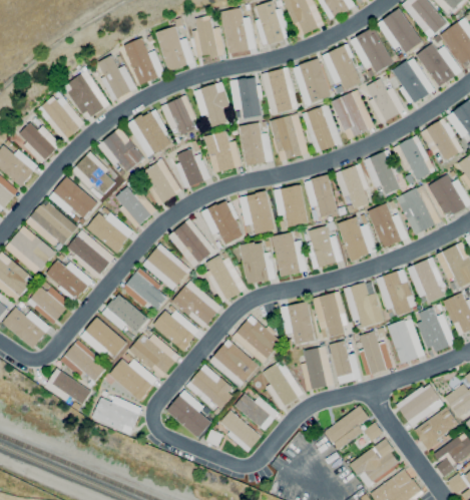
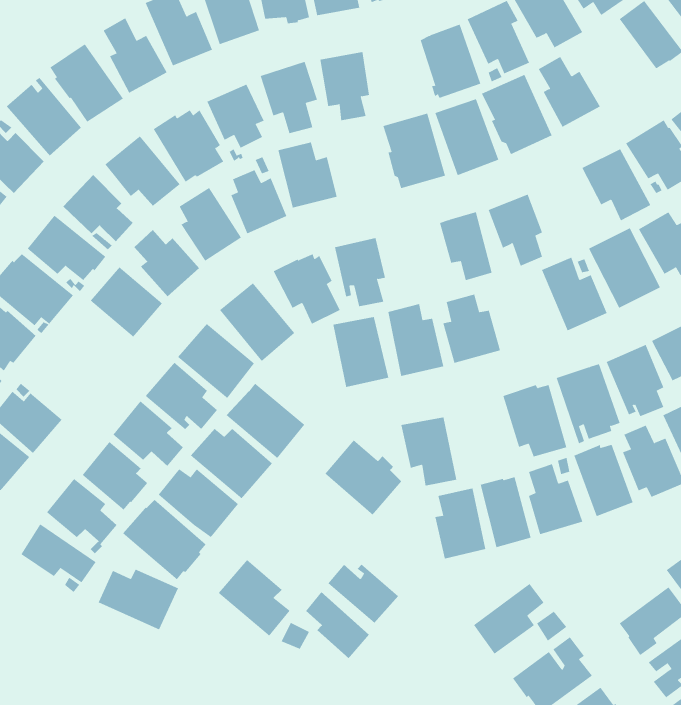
building: [392,58,435,103] -> none
building: [261,67,298,115] -> none
building: [240,122,273,165] -> none
building: [364,149,400,194] -> none
building: [274,185,306,226] -> none
building: [342,214,378,261] -> none
building: [67,229,114,279] -> none
building: [205,252,247,302] -> none
building: [46,260,93,302] -> none
building: [313,292,348,337] -> none
building: [209,339,260,387] -> none
building: [264,360,305,408] -> none
building: [186,364,233,409] -> none
building: [397,384,445,427] -> none

